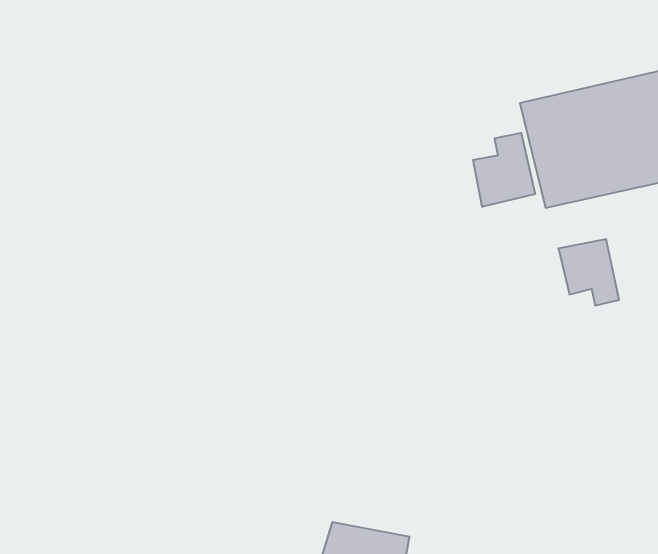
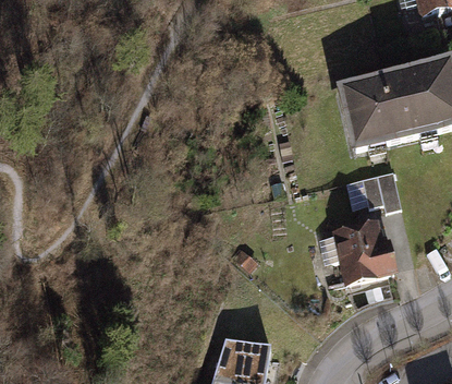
building: [473,133,535,207] -> none
building: none -> [331,219,394,284]

